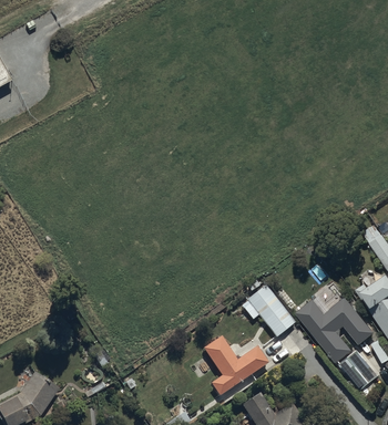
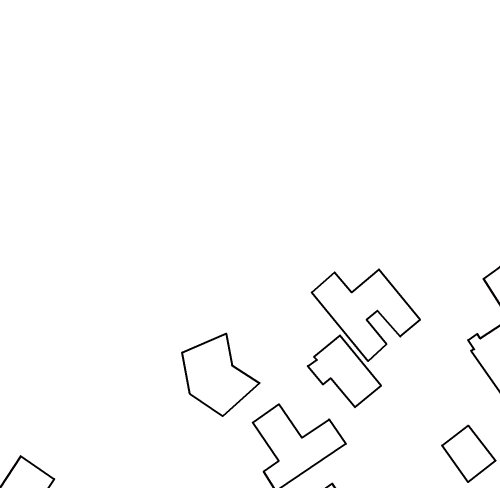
building: none -> [182,334,260,416]
building: [297,296,376,362] -> [312,269,420,361]

